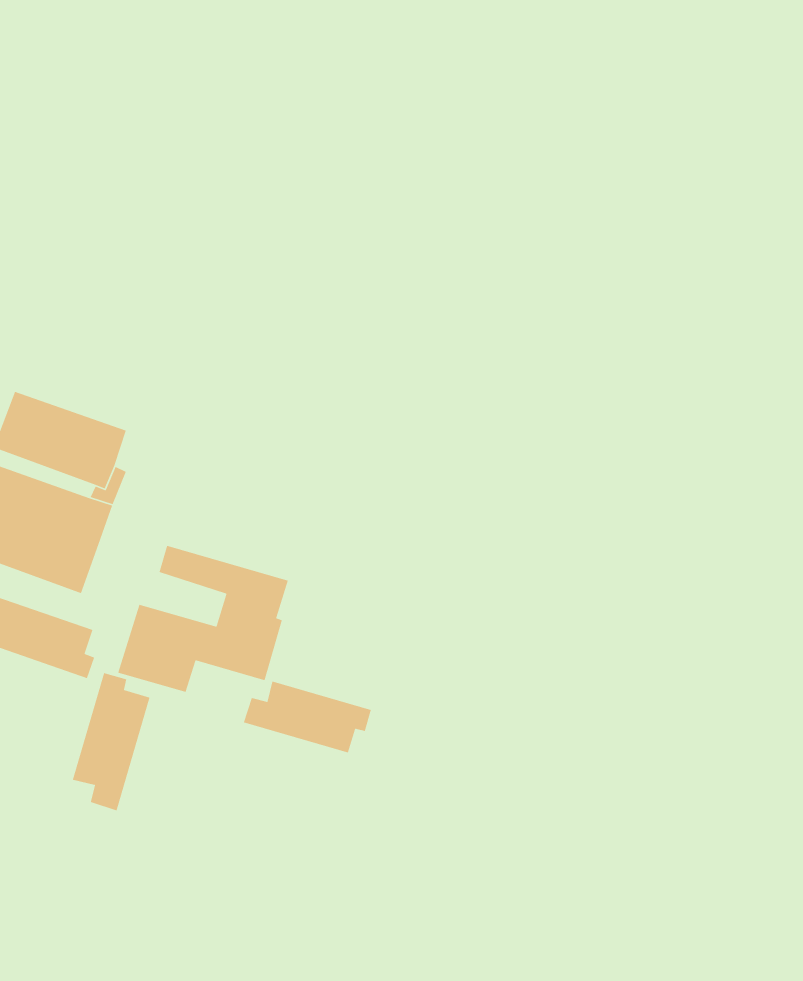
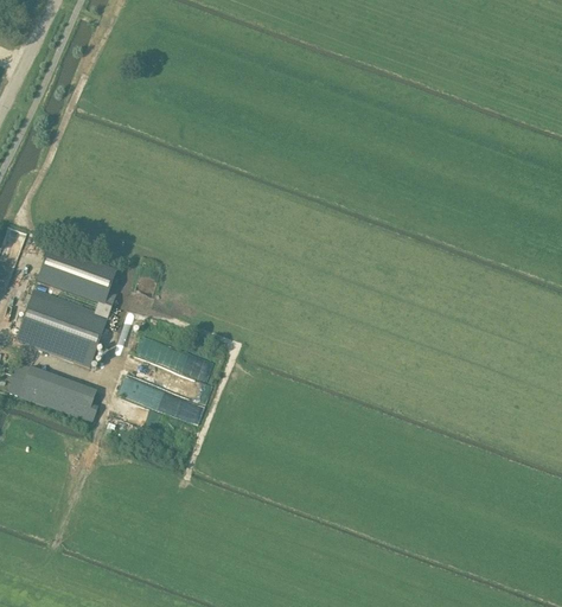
building: [72,672,150,811] -> none
building: [243,680,372,753] -> none

